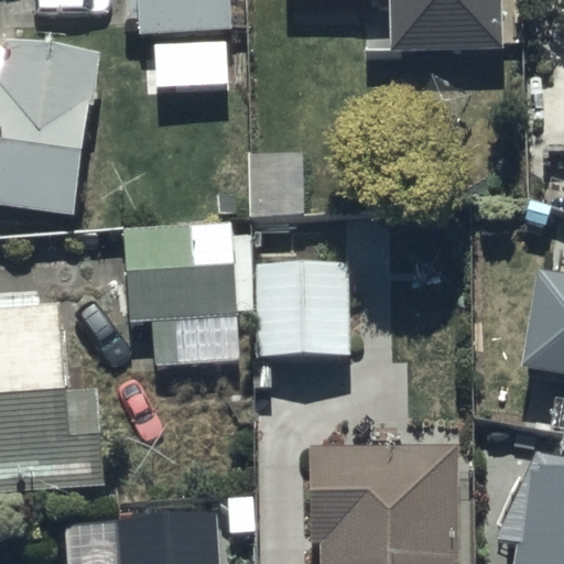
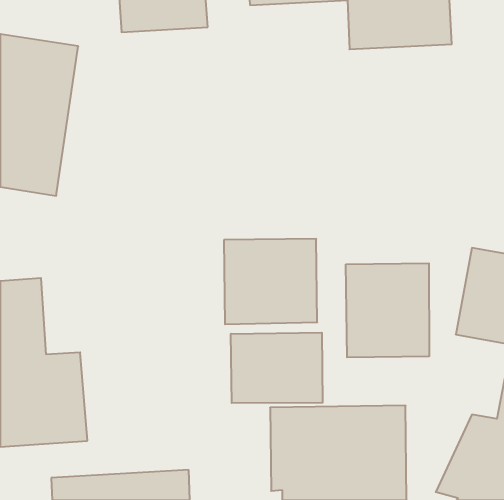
building: [121,219,238,367] -> none
building: none -> [346,263,429,357]
building: none -> [231,333,323,403]

